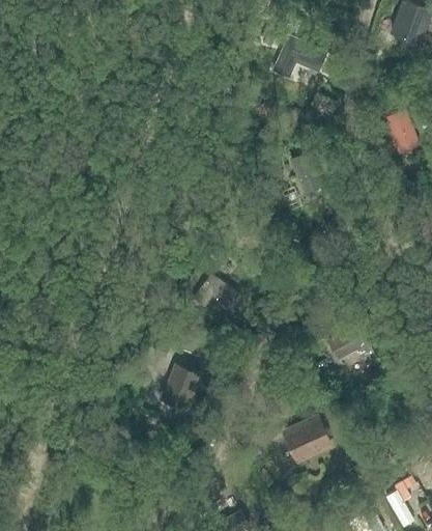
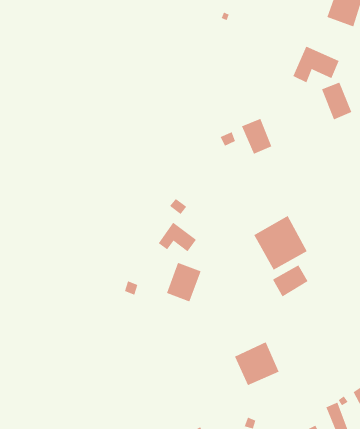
building: [272,36,327,80] -> [293,46,340,83]
building: none -> [253,215,307,270]
building: [161,365,202,412] -> [166,262,201,302]

